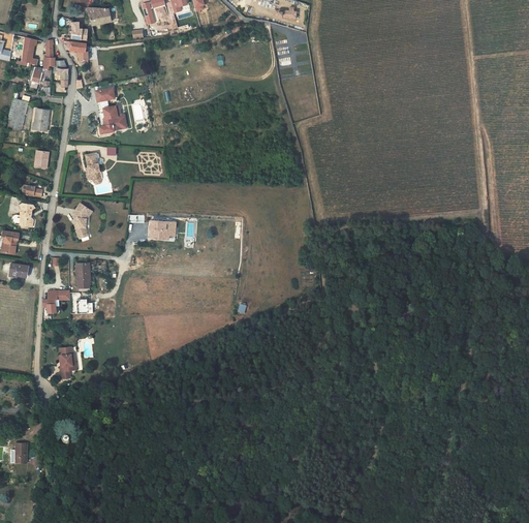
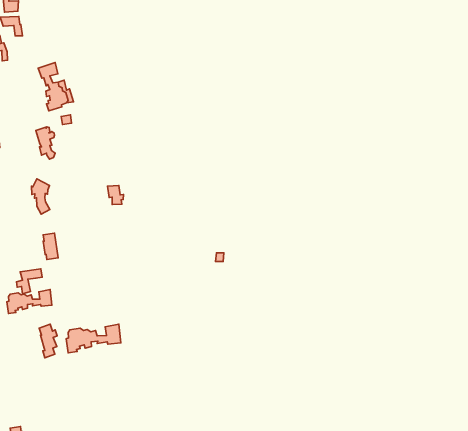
building: none -> [7,290,52,313]
building: none -> [66,324,121,353]

